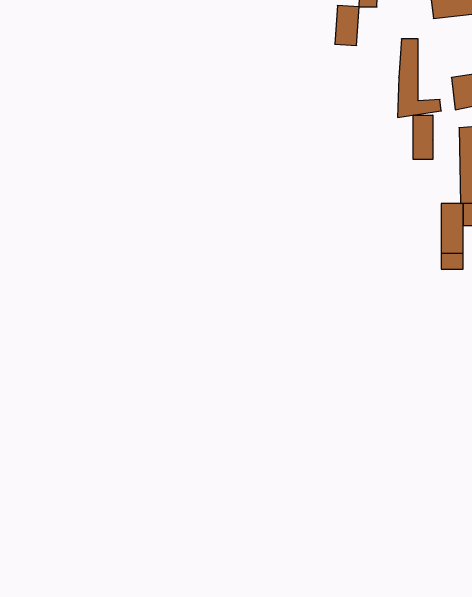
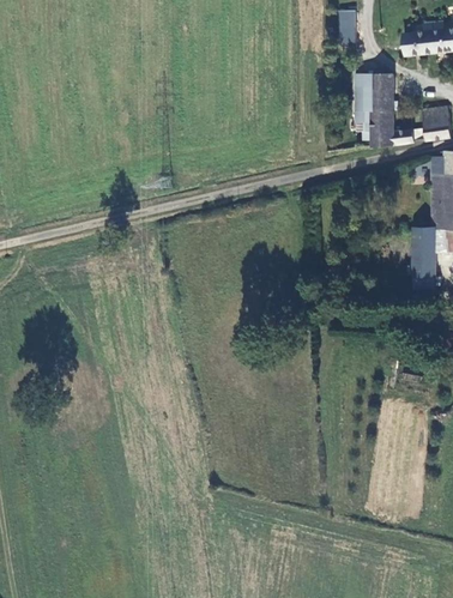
building: [335,6,359,45] -> [352,72,375,109]
building: [413,115,433,159] -> none

